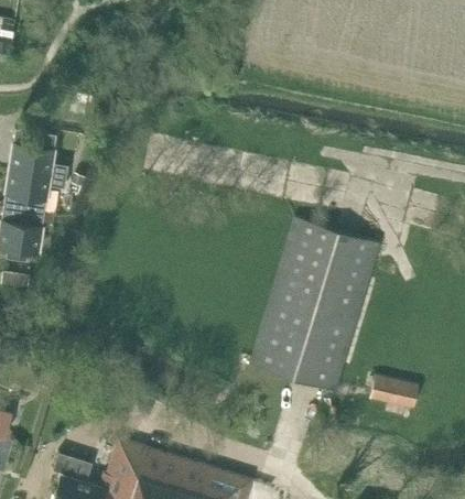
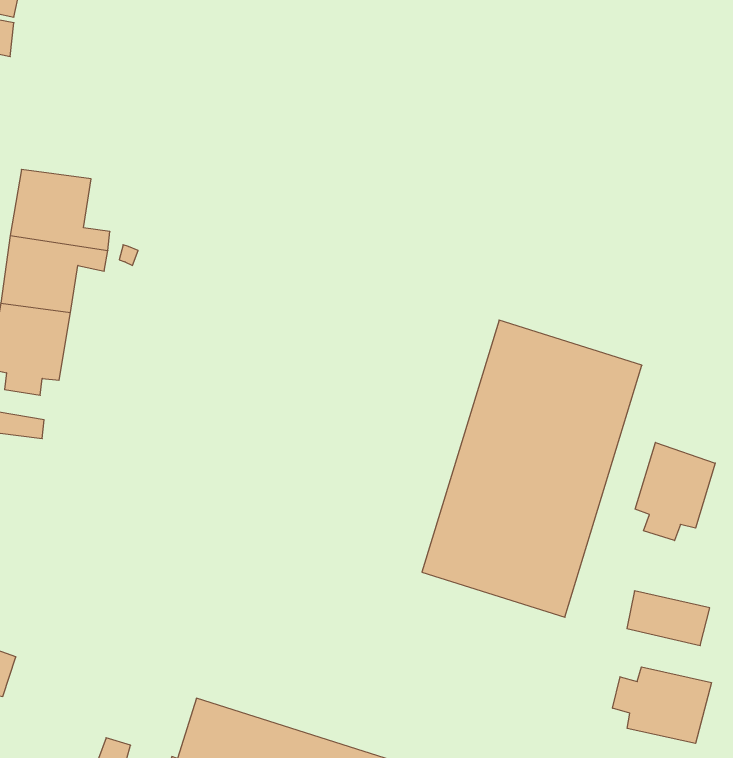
building: none -> [635,442,715,541]
building: none -> [613,667,711,743]

